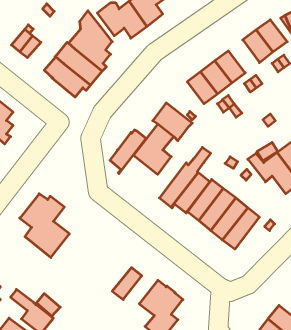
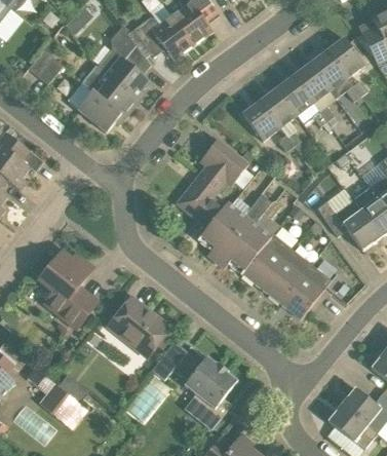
building: none -> [293,63,331,103]
building: [110,130,146,174] -> [197,202,241,256]
building: none -> [107,298,171,357]

